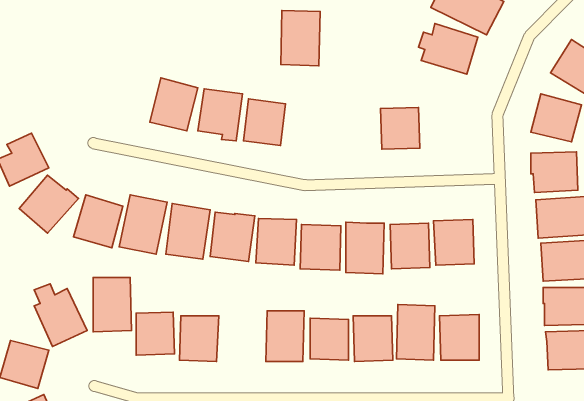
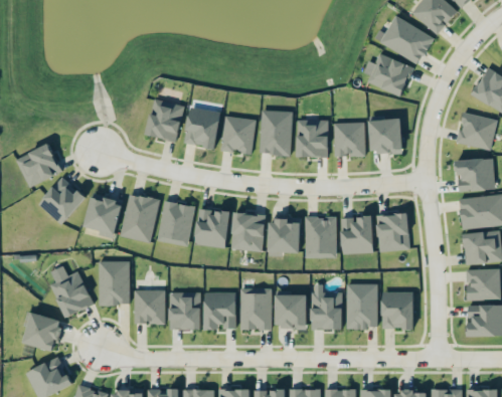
building: [281,10,320,66] -> [260,111,292,156]
building: none -> [297,120,328,158]
building: none -> [369,120,402,154]
building: none -> [204,291,236,330]

